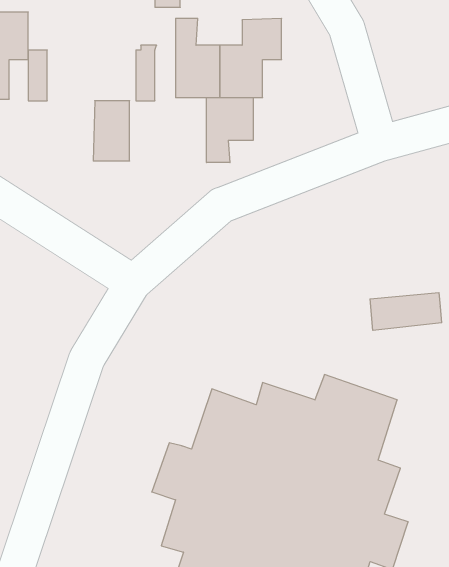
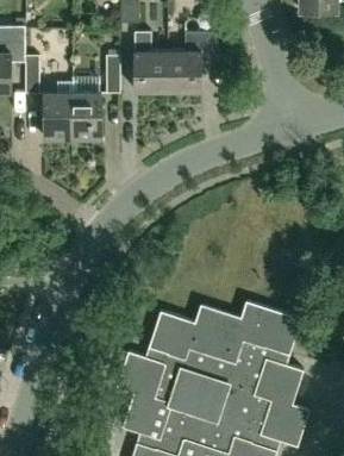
building: [207,98,253,163] -> none
building: none -> [43,93,74,138]
building: [370,293,442,330] -> none

